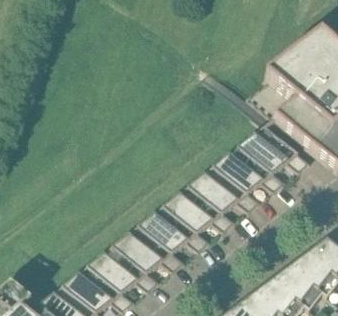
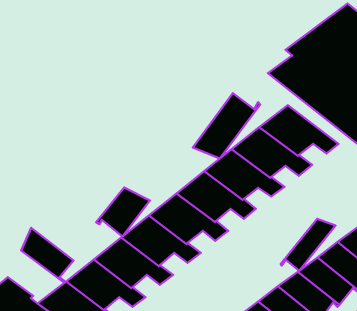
building: none -> [193,93,260,159]
building: none -> [96,187,150,236]
building: none -> [281,219,336,271]
building: none -> [21,228,73,283]

